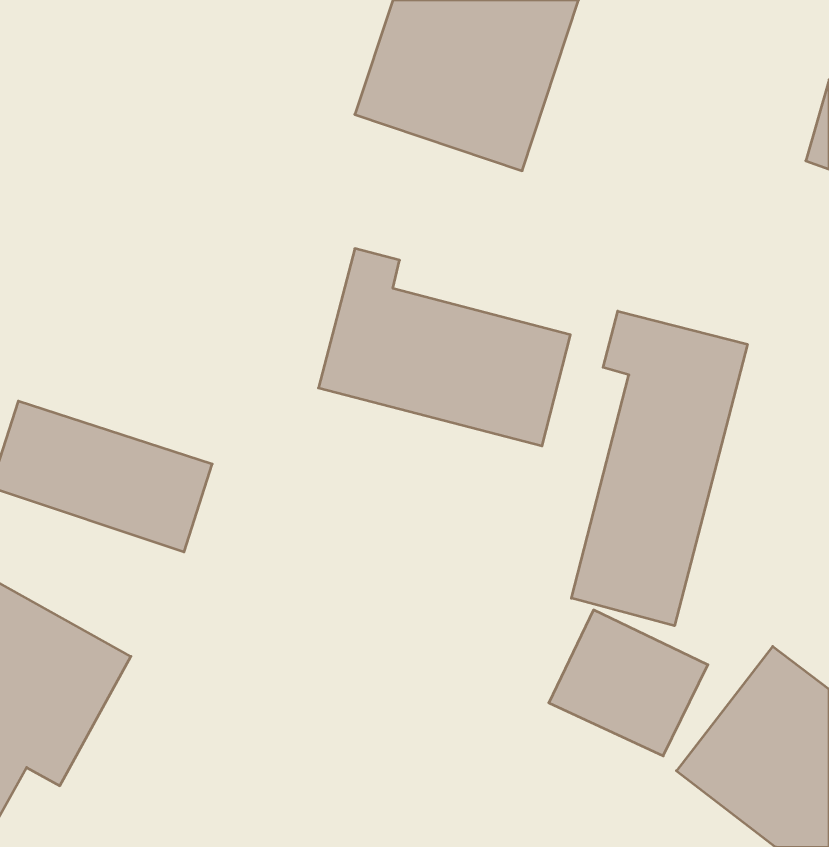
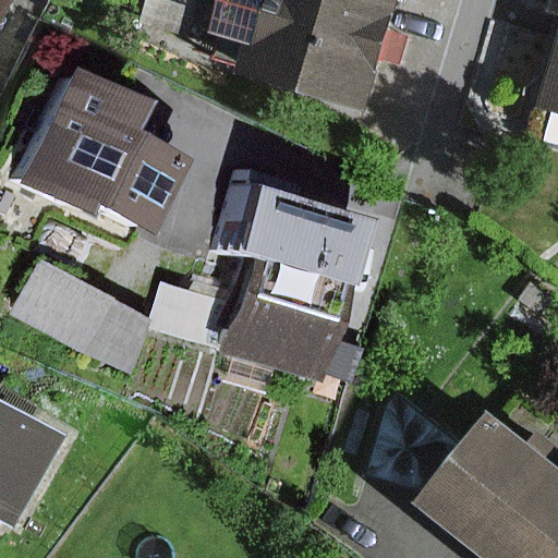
building: none -> [26,68,193,241]
building: [571,311,747,626] -> none
building: none -> [153,279,363,380]

